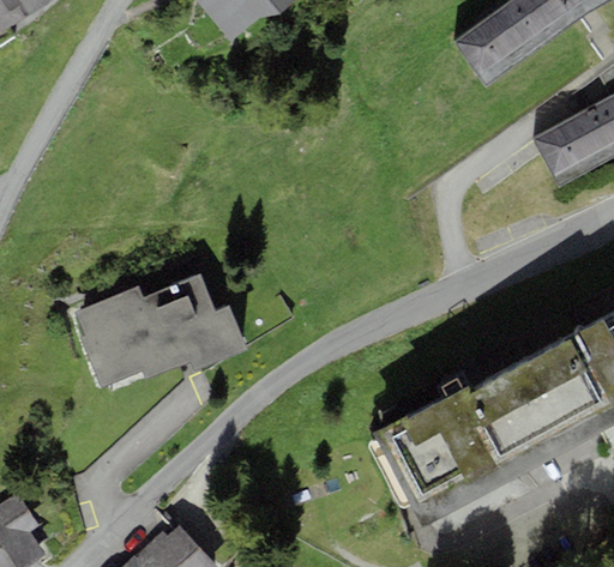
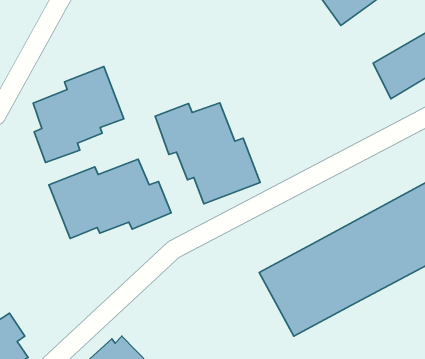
building: none -> [33,67,124,162]
building: none -> [155,103,260,204]

